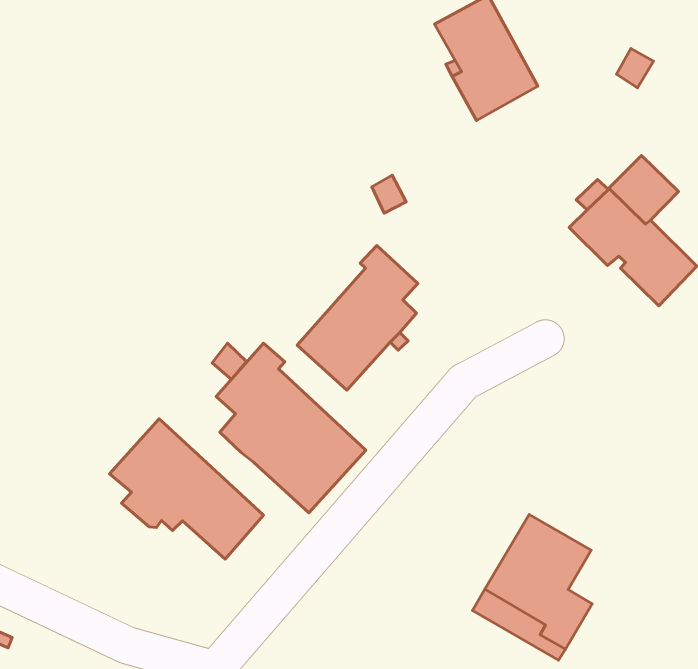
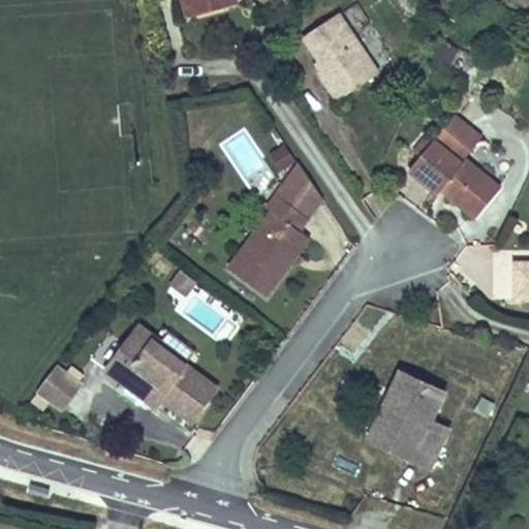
building: none -> [277,163,322,217]
building: [216,343,366,513] -> none
building: none -> [37,365,80,408]

